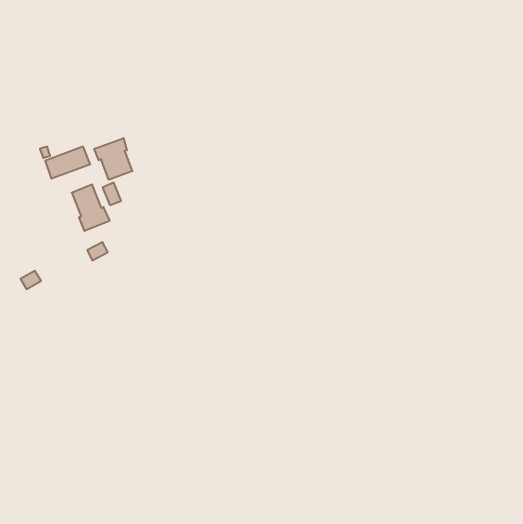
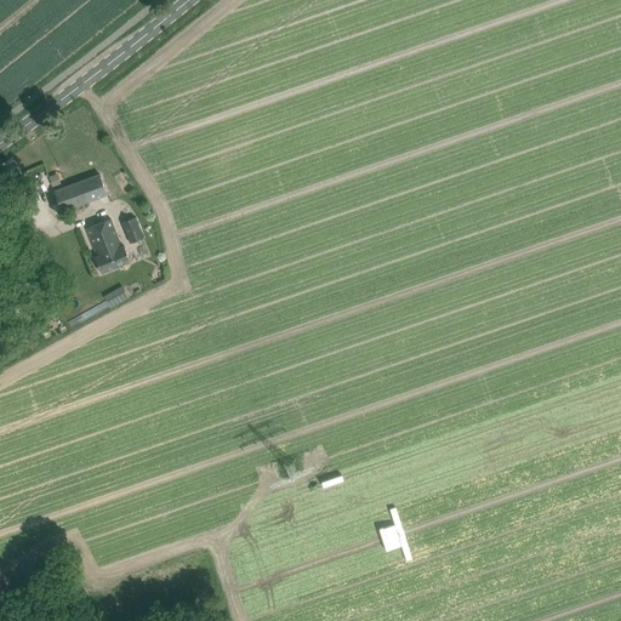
building: [94,138,132,180] -> none

